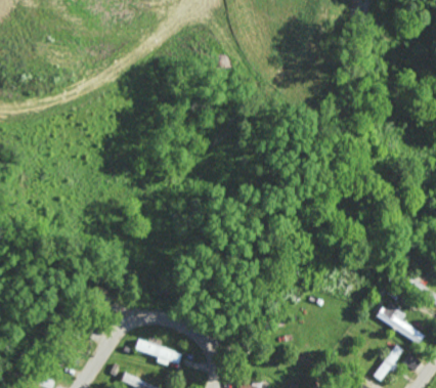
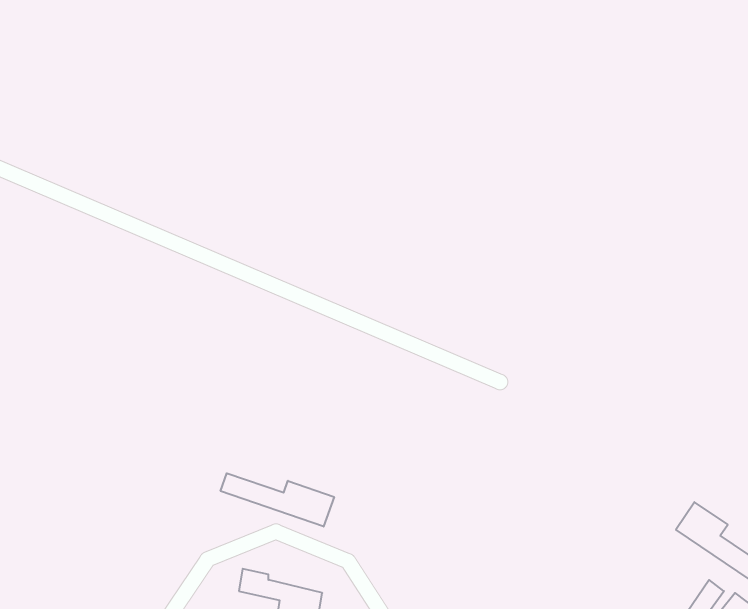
building: none -> [221,473,334,527]

